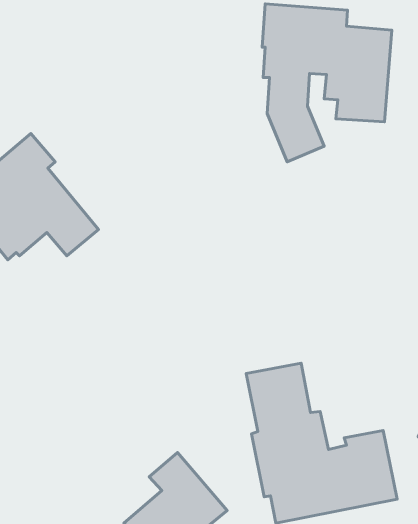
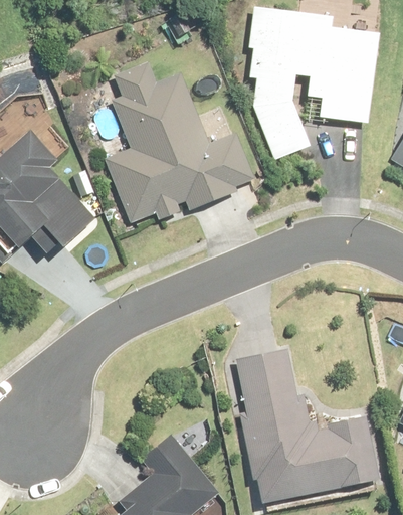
building: none -> [107,65,254,220]

